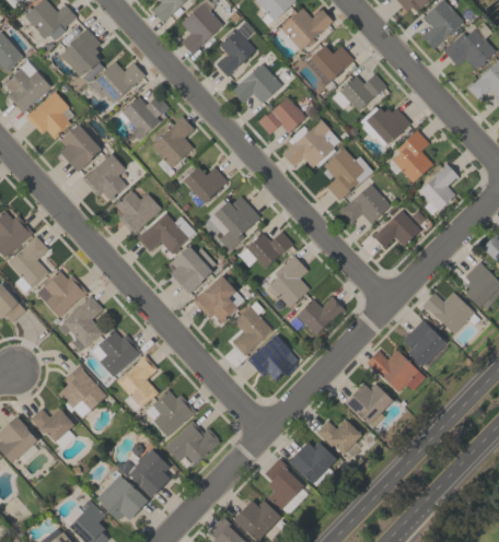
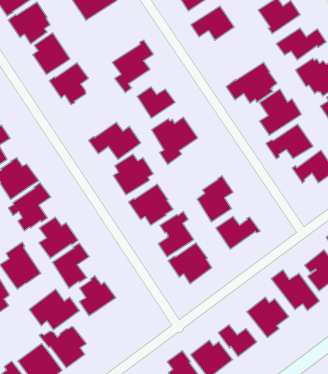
building: [118,95,170,140] -> none
building: [257,96,306,133] -> none
building: [114,190,161,235] -> none
building: [237,232,292,269] -> none
building: [162,420,219,466] -> [29,289,80,330]

